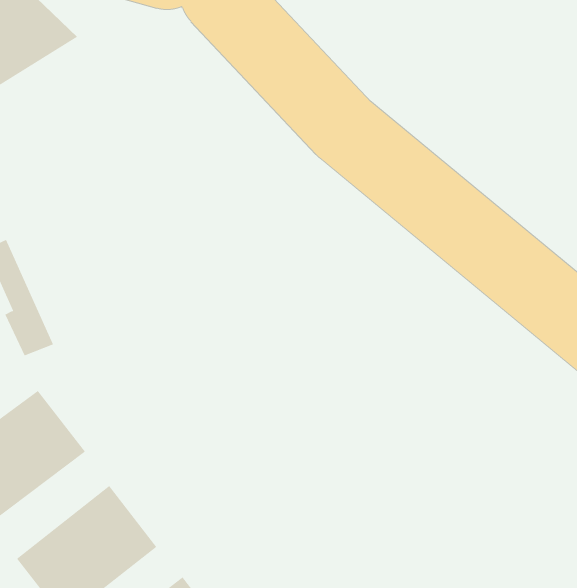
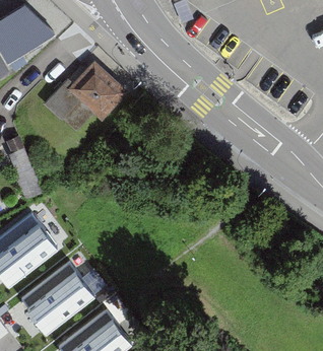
building: none -> [45,67,130,136]

